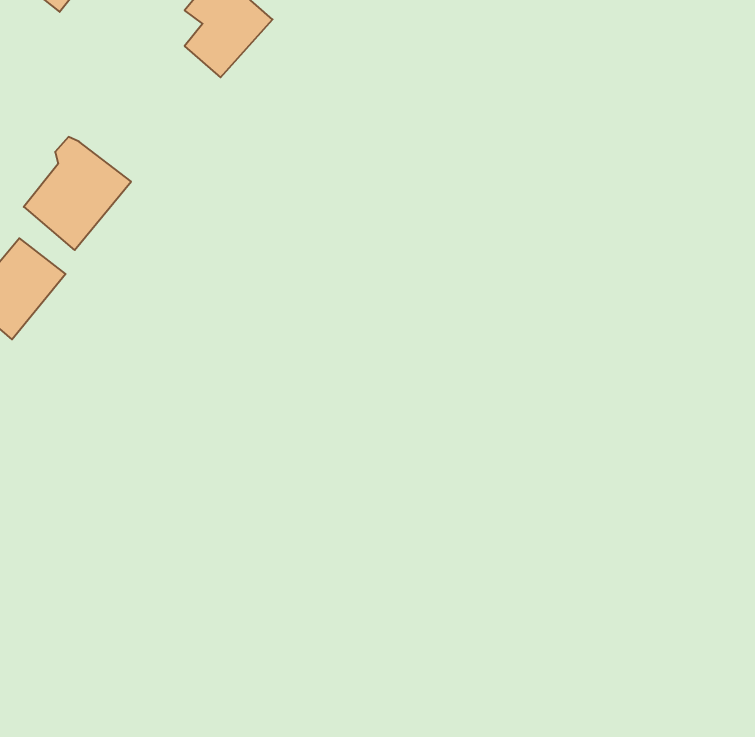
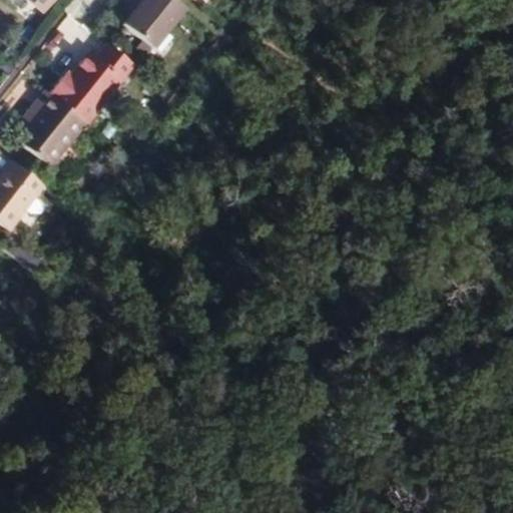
building: none -> [53,46,131,122]

